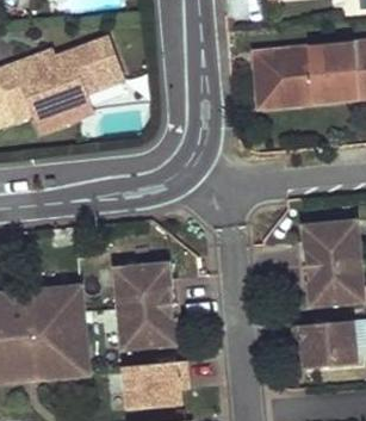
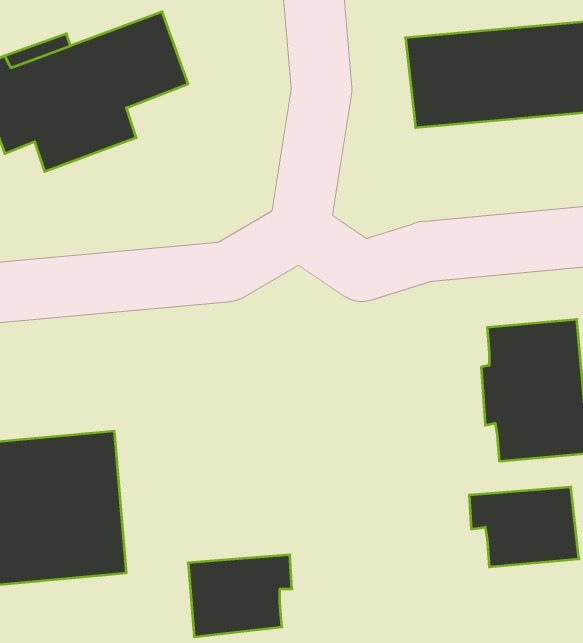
building: [114,262,180,348] -> none

